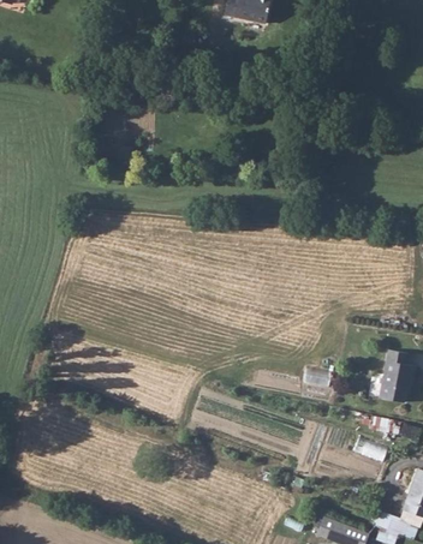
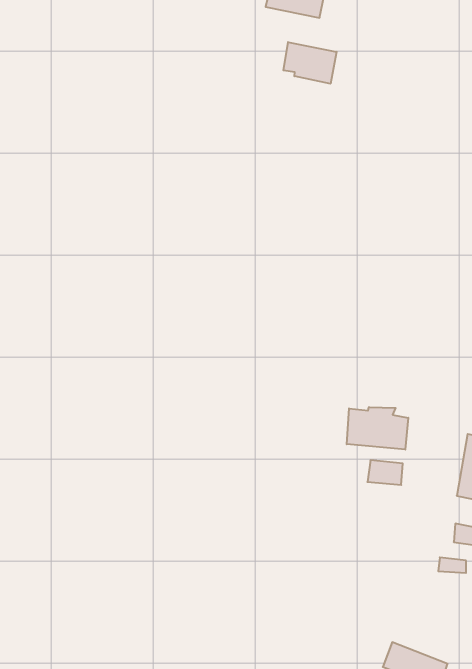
building: none -> [283,42,337,84]
building: none -> [347,407,408,450]

